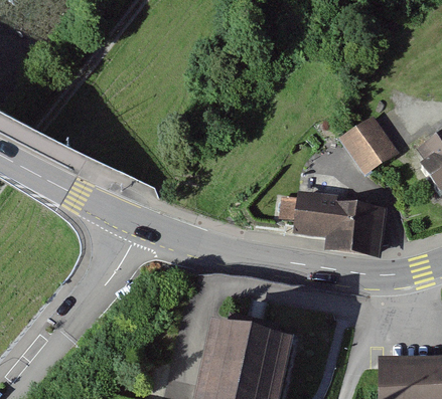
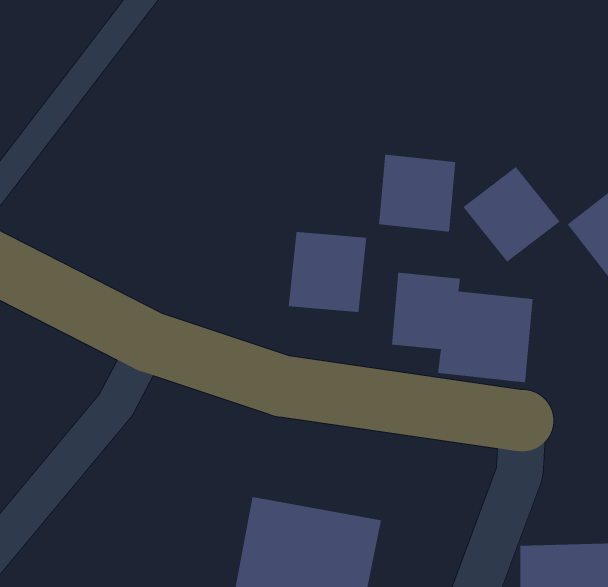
building: none -> [379,154,456,233]
building: none -> [288,231,367,313]

